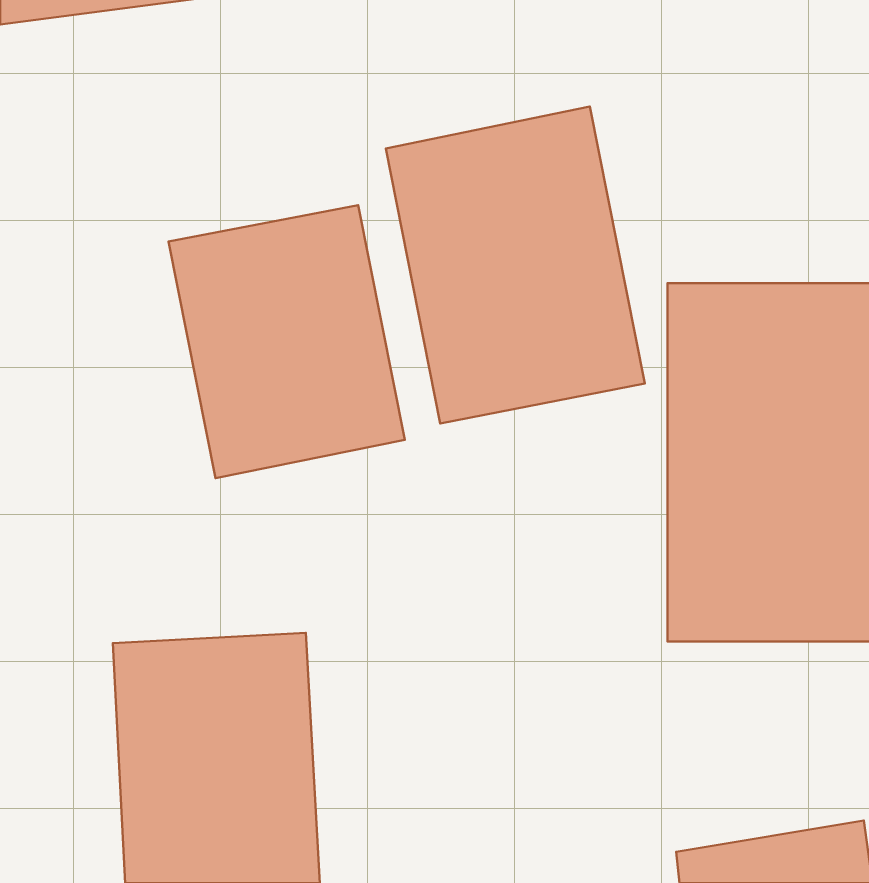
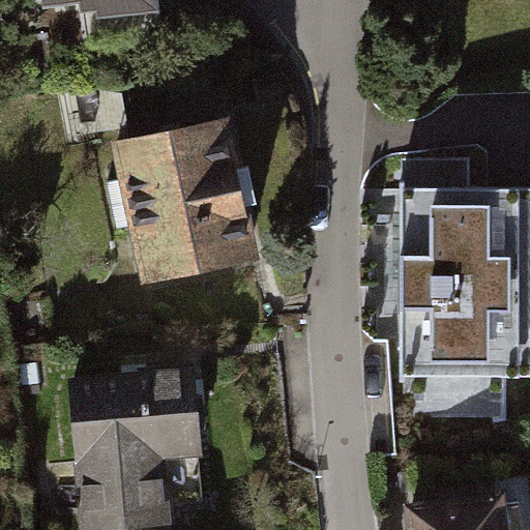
building: [386,107,645,424] -> none

